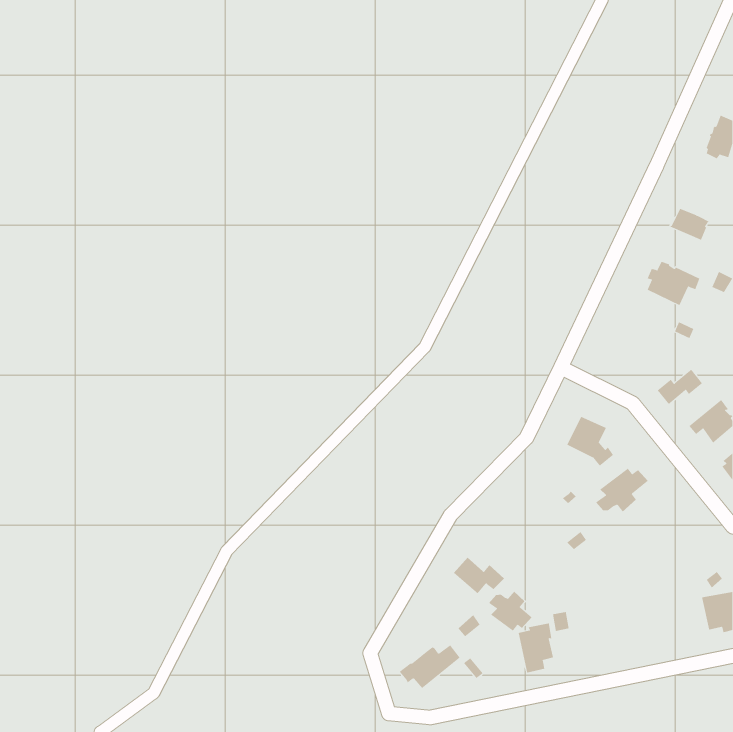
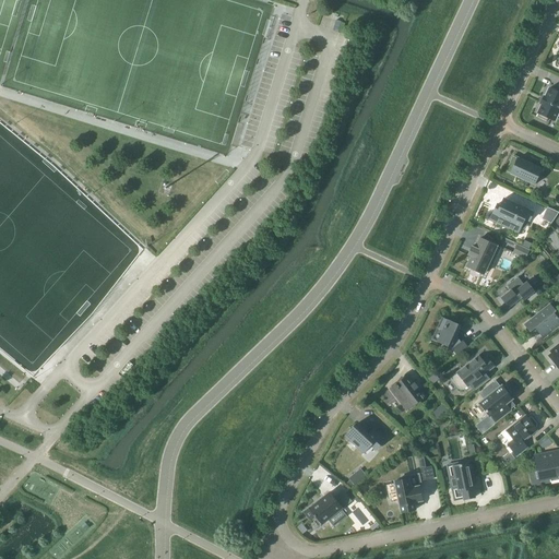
building: none -> [466,238,496,274]
building: none -> [389,373,425,411]
building: none -> [479,385,511,421]
building: none -> [507,416,536,455]
building: [488,591,533,631] -> none
building: none -> [449,461,478,499]

